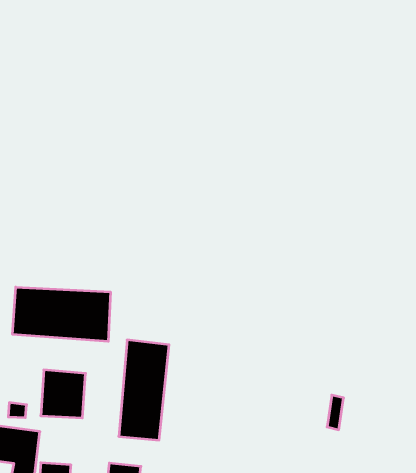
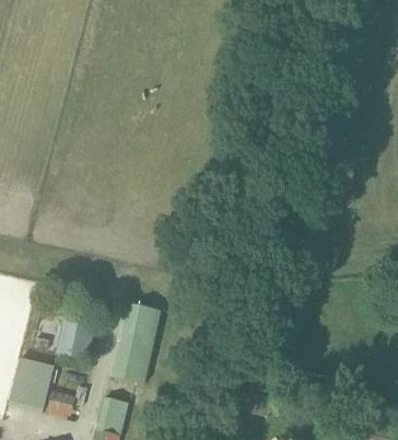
building: [13,287,110,341] -> none

